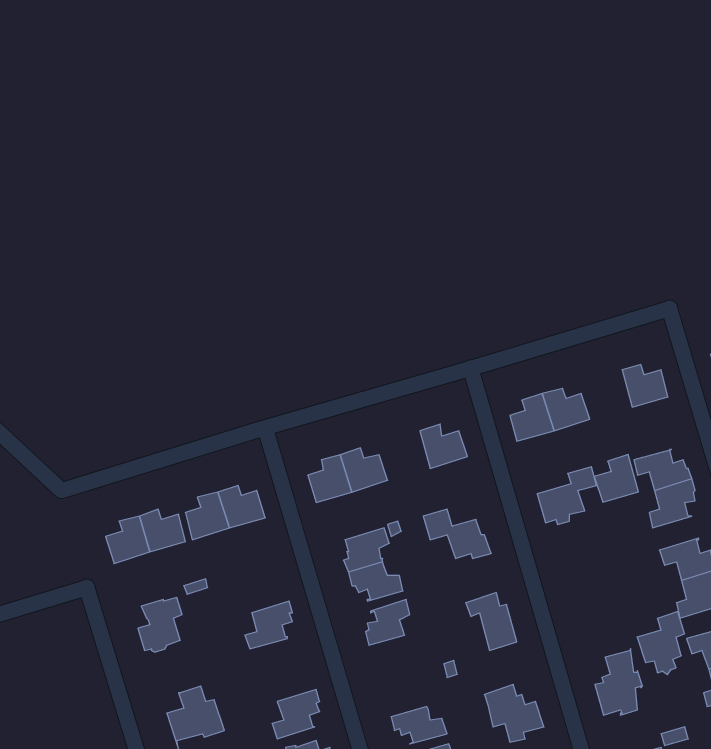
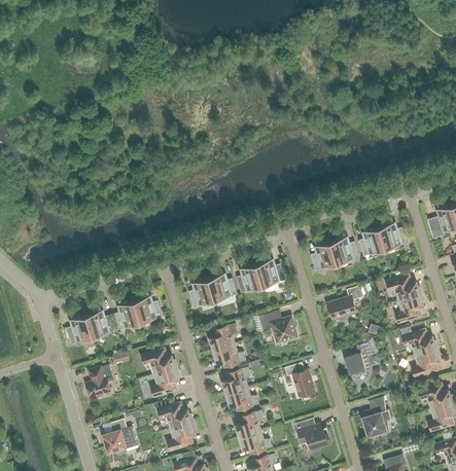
building: none -> [236,263,262,292]
building: [594,455,638,502] -> [358,226,385,255]
building: none -> [141,348,177,373]
building: [637,612,685,675] -> [344,340,373,378]
building: none -> [225,387,259,409]
building: none -> [157,402,194,427]
building: none -> [237,409,264,436]

